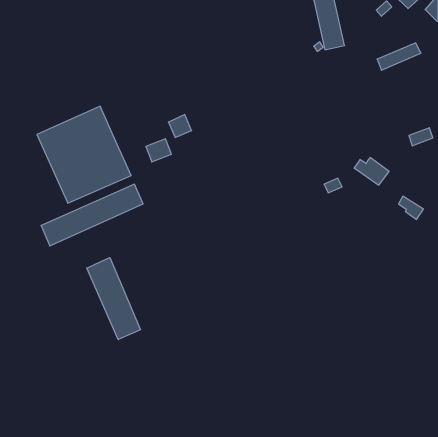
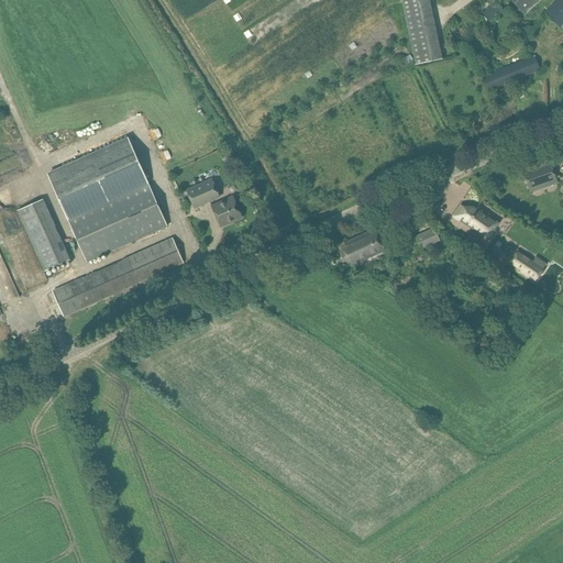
building: [168,114,192,137] -> [212,196,242,225]
building: none -> [18,198,71,271]
building: none -> [338,228,386,264]
building: [87,258,141,340] -> none

